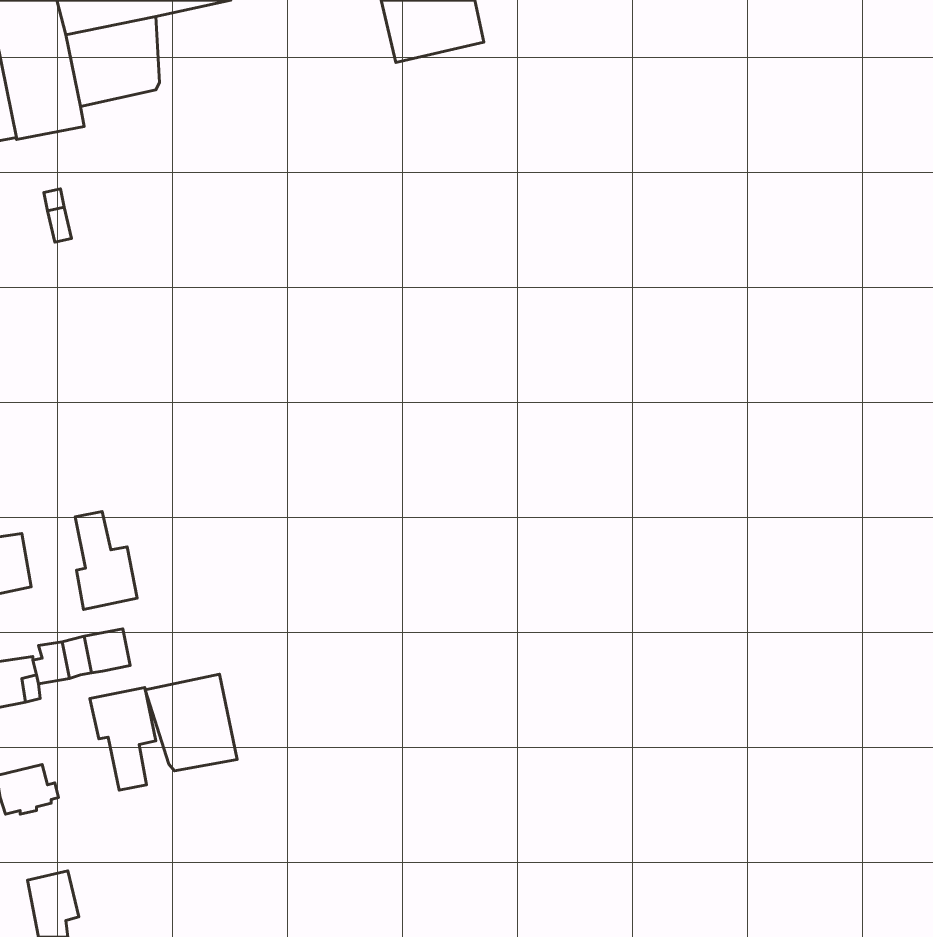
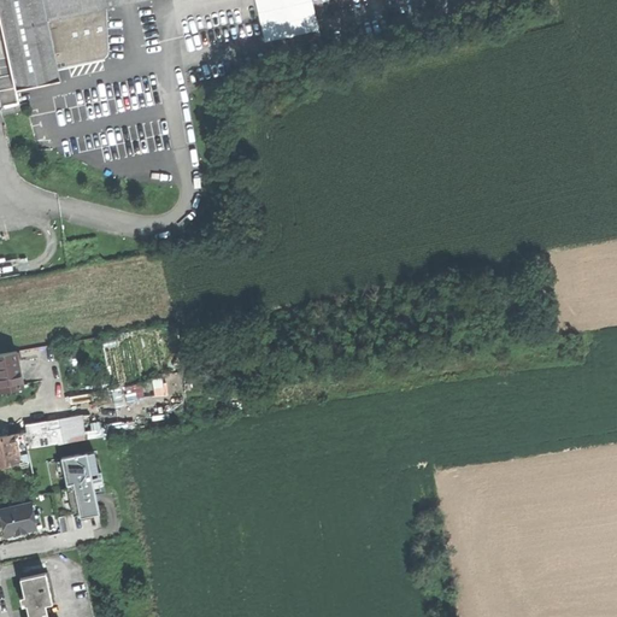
building: [75,511,137,609] -> none
building: [145,674,237,771] -> none

